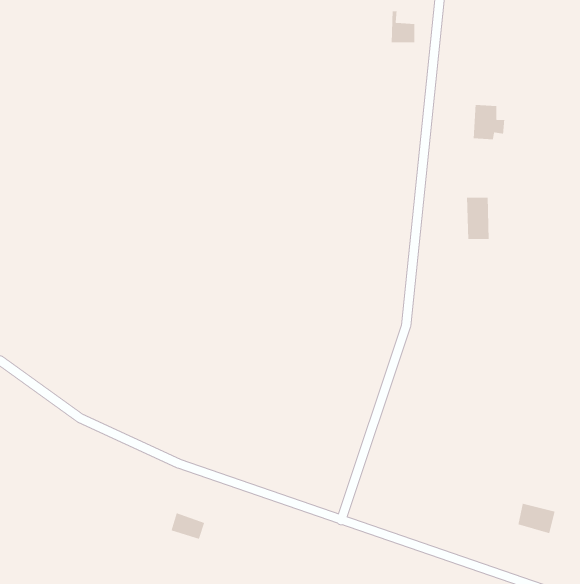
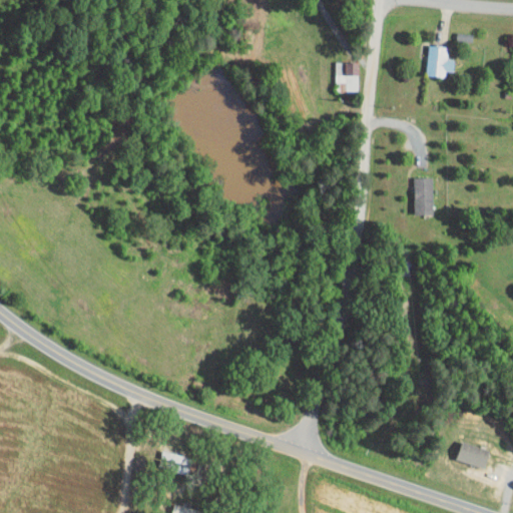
building: [391,11,415,43] -> [337,64,358,92]
building: [473,104,505,140] -> [427,46,455,77]

